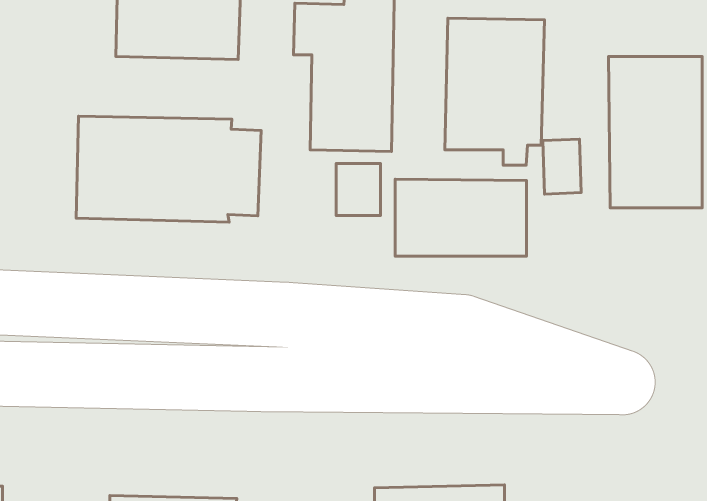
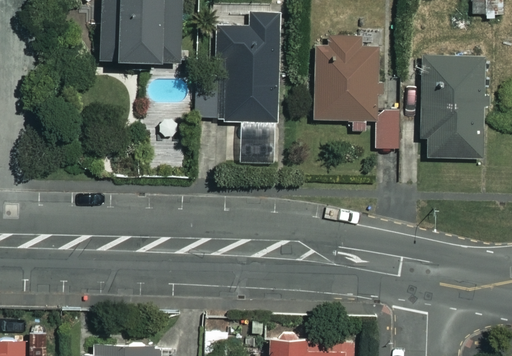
building: [76,116,261,222] -> none
building: [395,179,526,256] -> none

